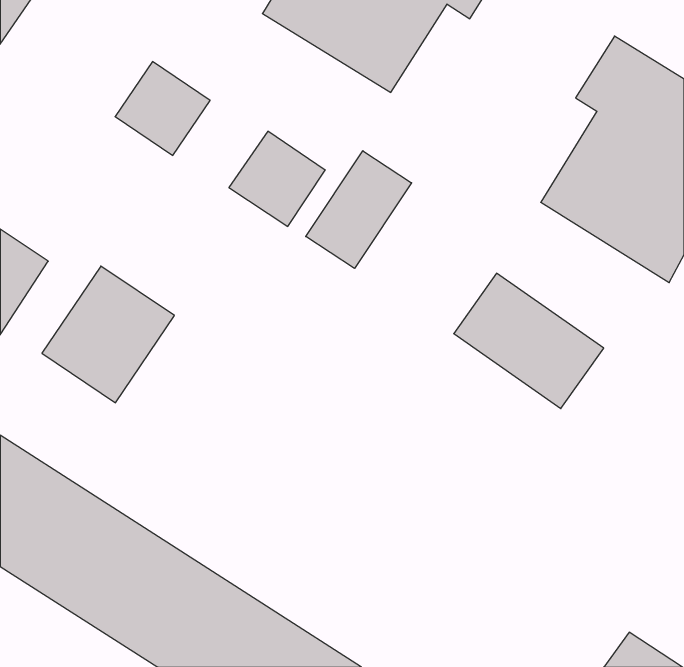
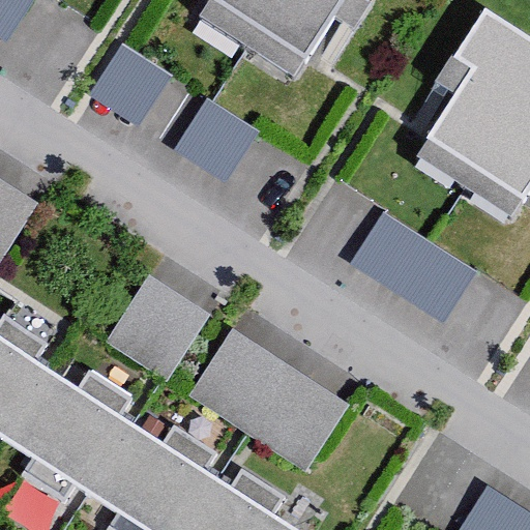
building: [306,151,412,268] -> none
building: [42,266,174,403] -> [105,273,207,379]
building: none -> [189,330,347,469]

